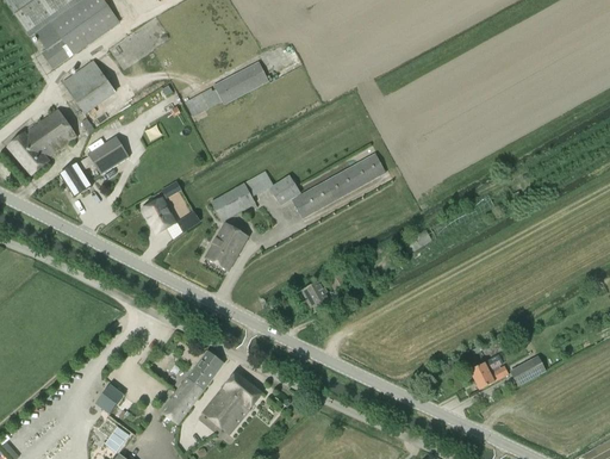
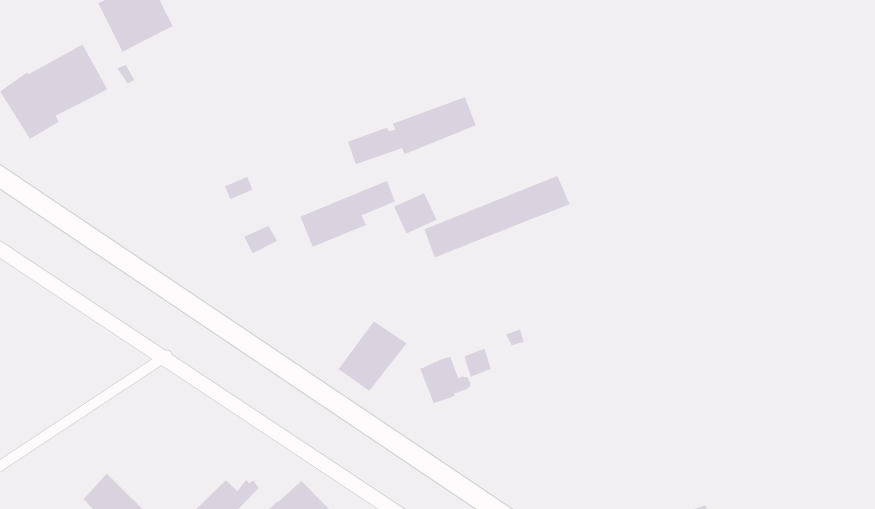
building: [186,61,268,114] -> [347,96,476,165]
building: [61,135,130,196] -> none
building: [143,199,175,232] -> none
building: [206,223,249,269] -> [338,321,407,392]
building: [187,351,223,384] -> none

